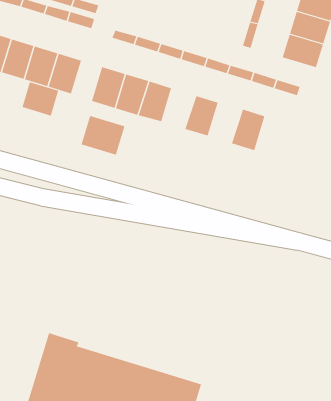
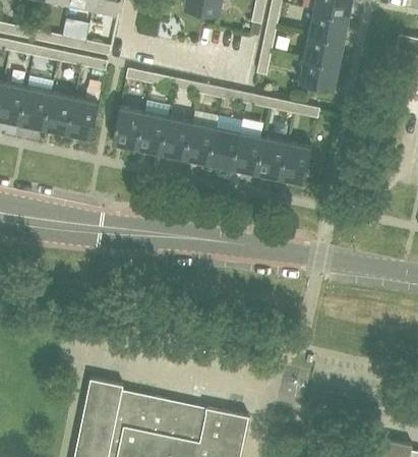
building: [22,81,59,116] -> none
building: none -> [185,124,217,164]
building: none -> [233,134,264,174]
building: [81,115,125,156] -> none
building: none -> [281,144,312,184]

